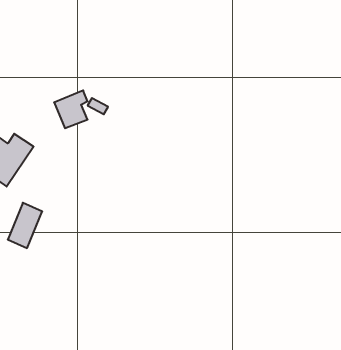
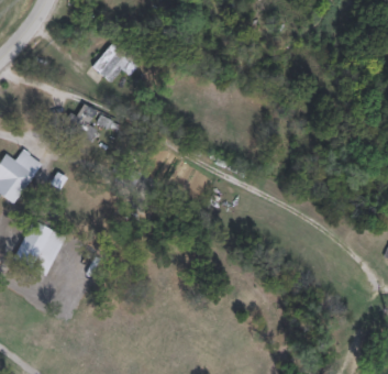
building: none -> [91,40,140,81]

